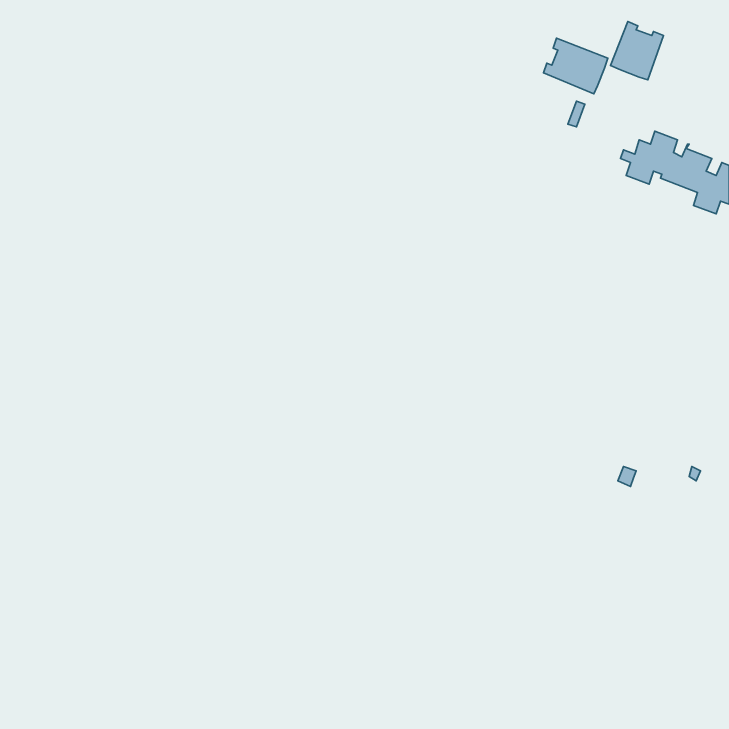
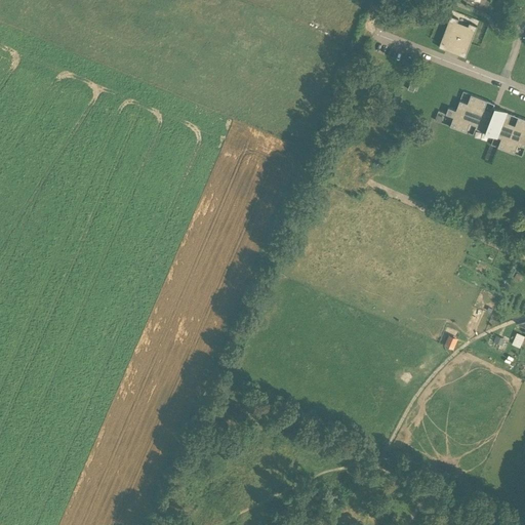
building: [544,38,608,94] -> none

